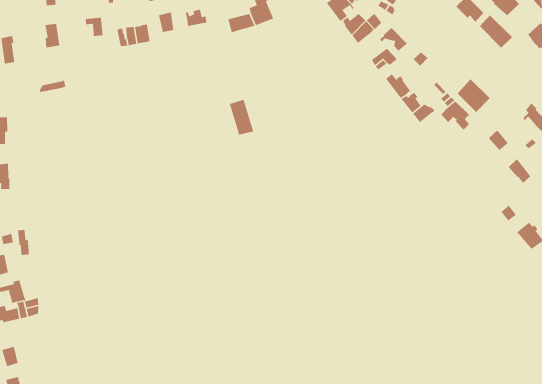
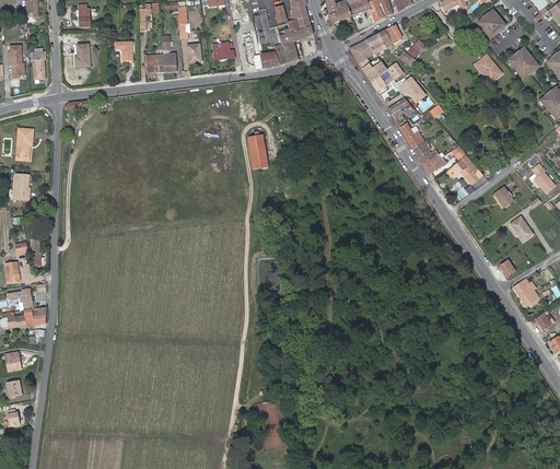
building: [479,14,513,49] -> none
building: [457,78,491,113] -> none

